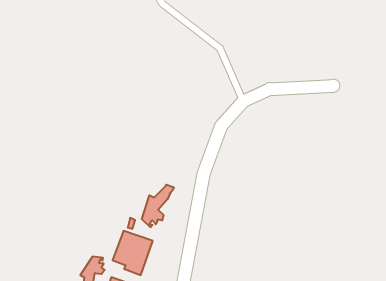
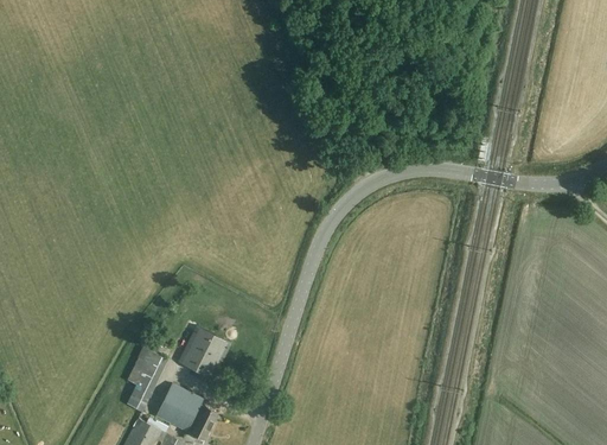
building: [142,185,174,227] -> none

